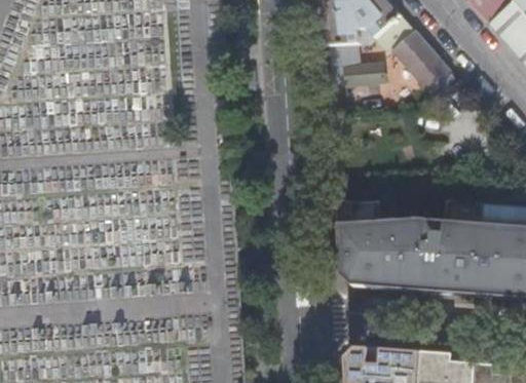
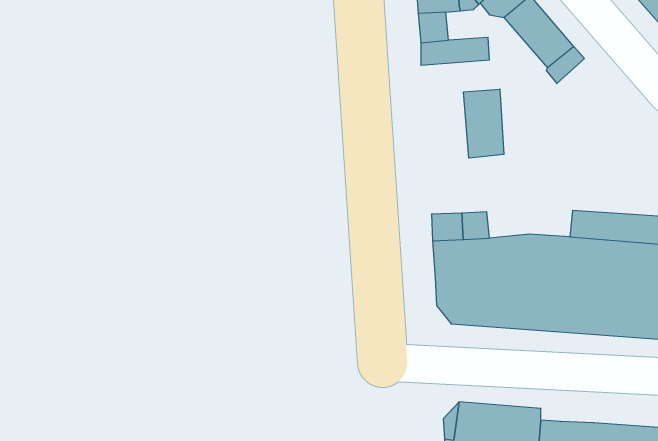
building: none -> [464,89,504,158]

